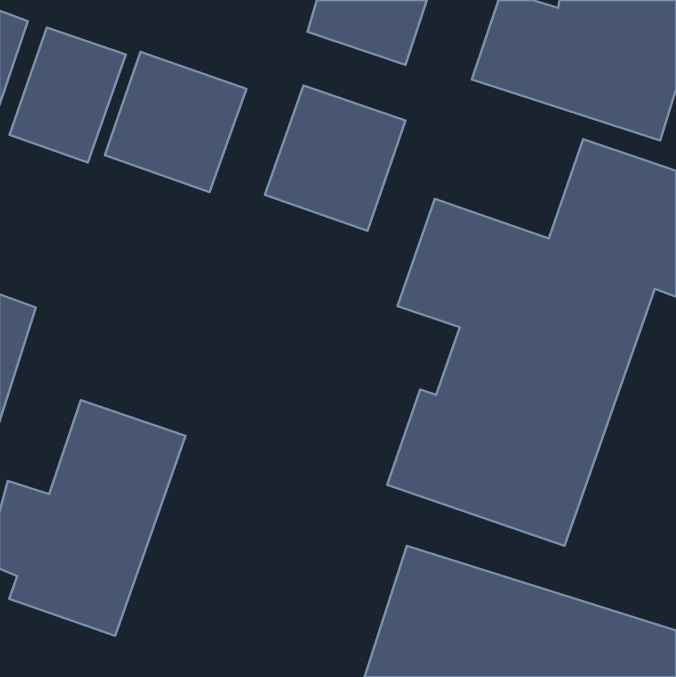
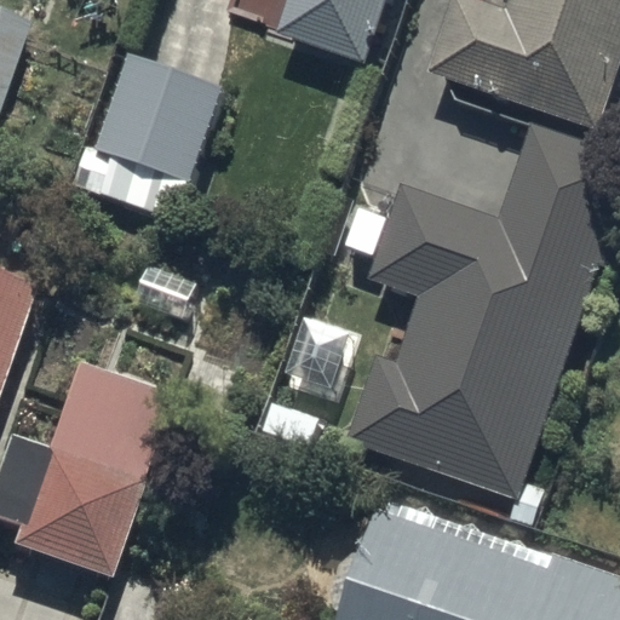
building: [10,28,126,163] -> none
building: [265,86,405,231] -> none

